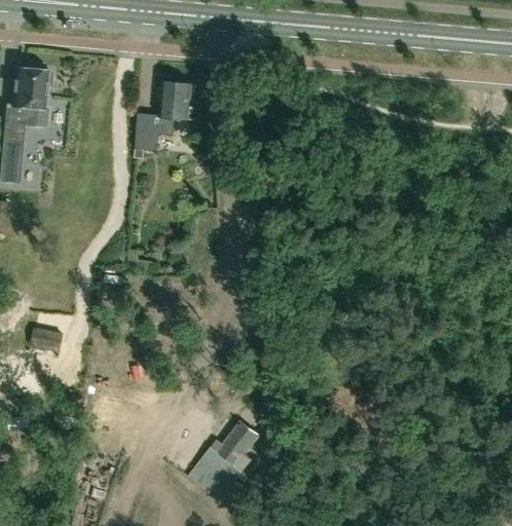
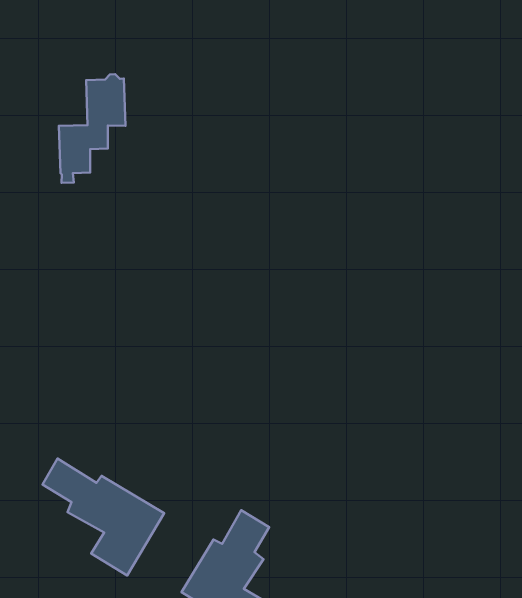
building: none -> [42,459,164,576]

